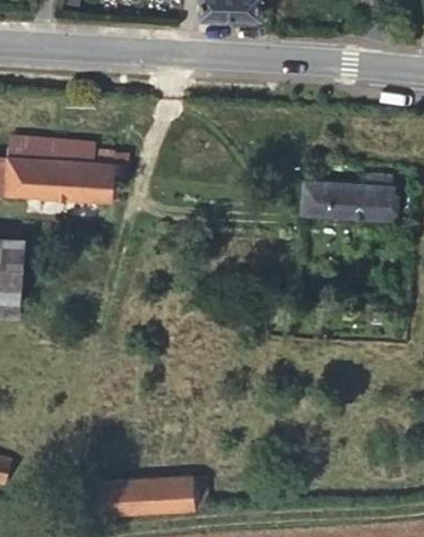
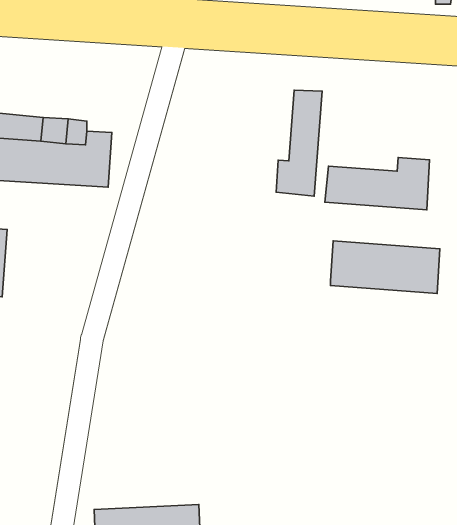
building: none -> [276,90,322,196]
building: none -> [330,241,440,293]

